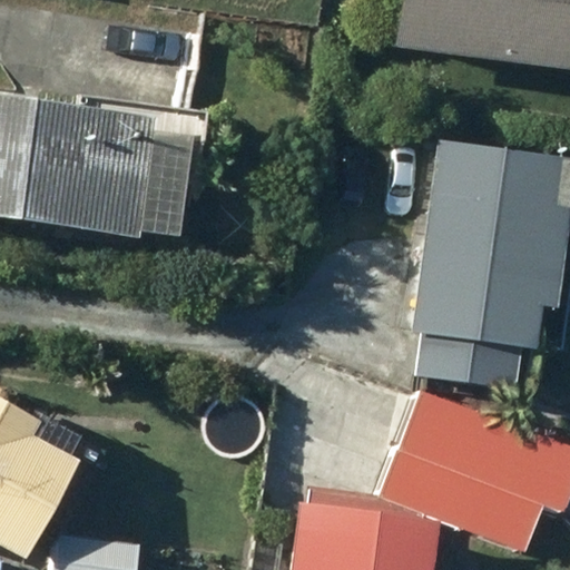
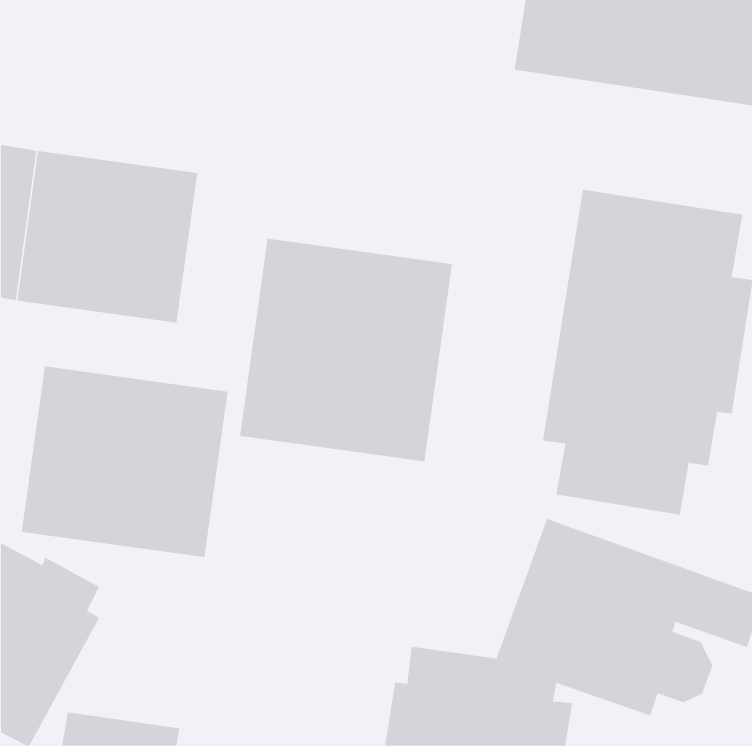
building: none -> [240,238,452,462]
building: none -> [21,366,228,558]

